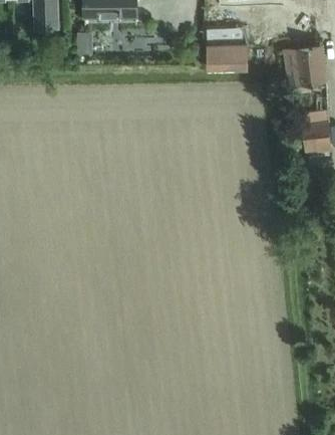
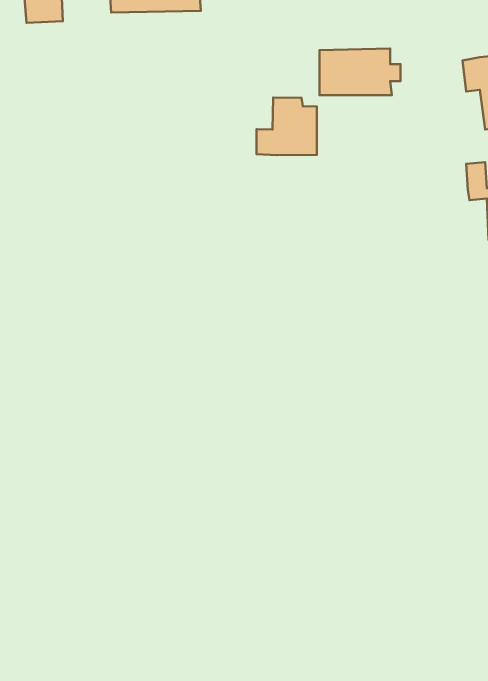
building: none -> [257,97,317,155]

